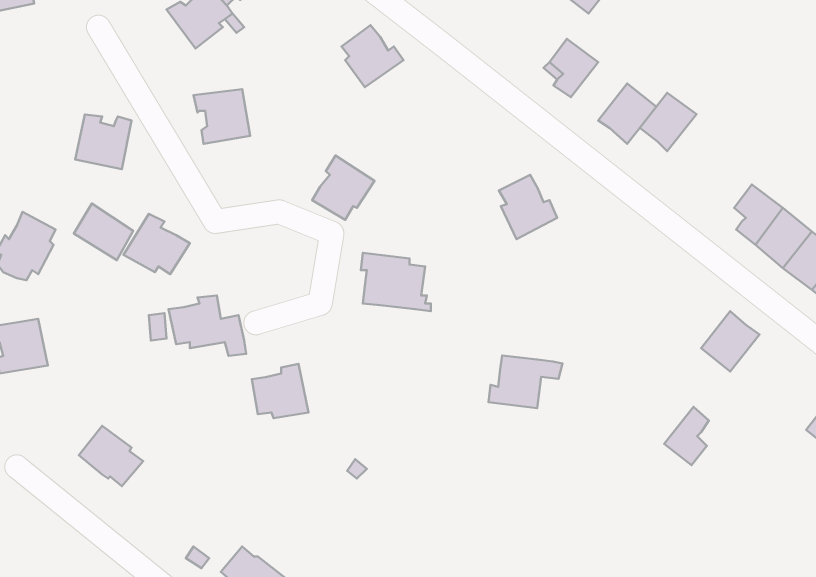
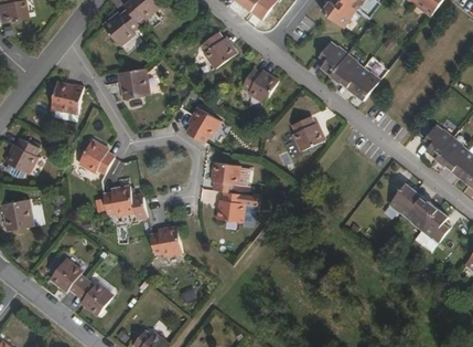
building: none -> [243,69,278,103]
building: [640,93,696,151] -> [332,53,364,86]
building: [74,204,133,260] -> none
building: none -> [390,182,422,215]
building: [489,356,562,408] -> [216,191,258,221]
building: [664,407,709,465] -> [422,208,448,241]
building: none -> [77,280,114,314]

